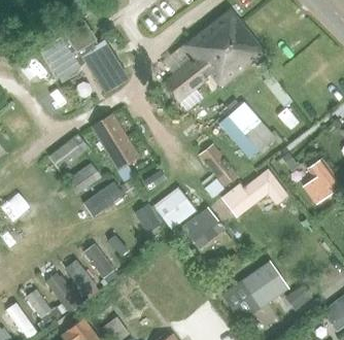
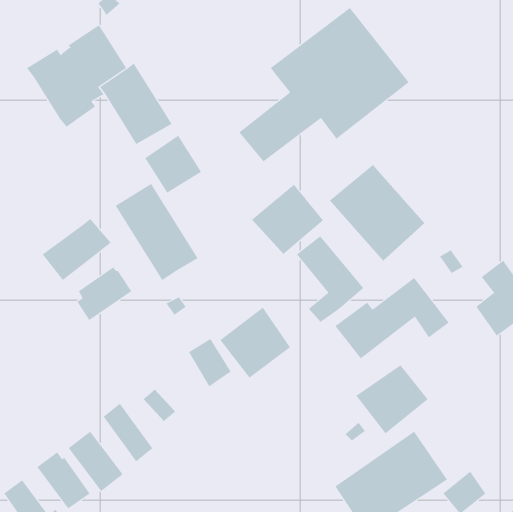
building: none -> [144,135,202,194]
building: none -> [251,184,324,255]
building: [84,181,125,217] -> none
building: [181,207,225,248] -> [355,364,429,434]

